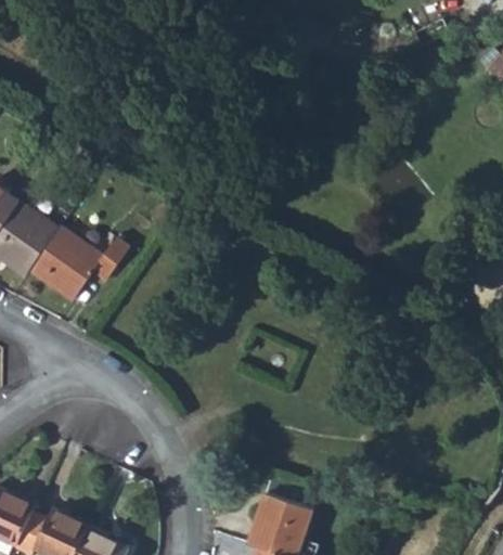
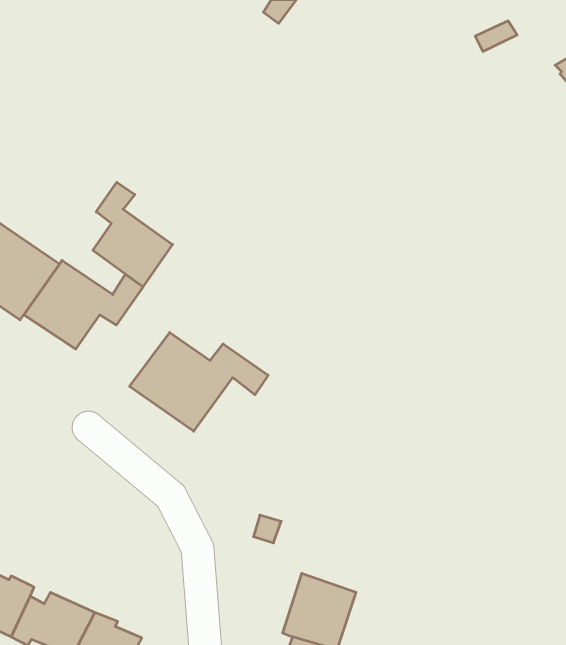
building: none -> [93,182,173,287]
building: none -> [130,332,268,431]

